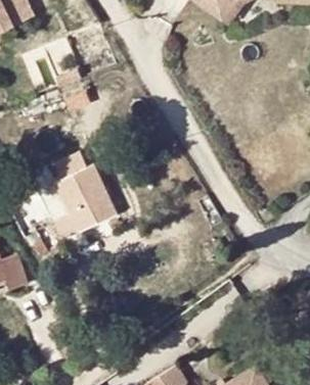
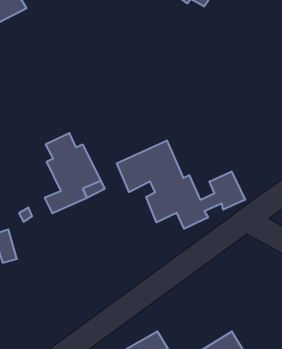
building: none -> [117,140,245,229]

